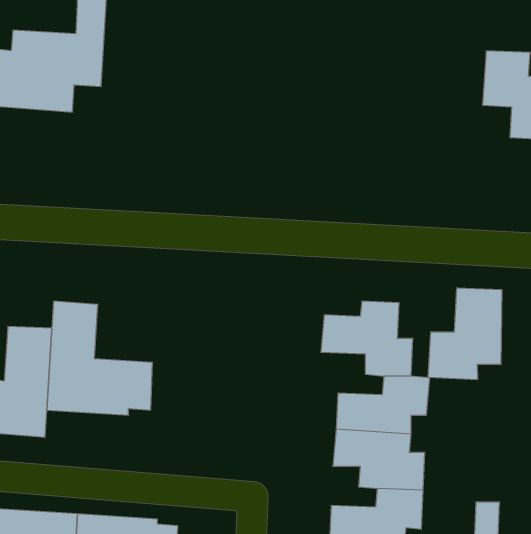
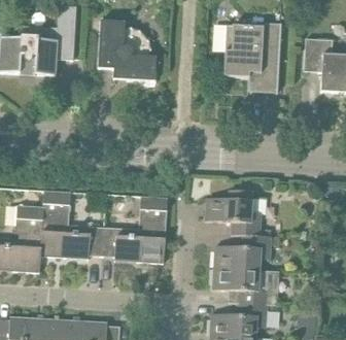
building: none -> [97,20,155,81]
building: none -> [222,25,280,89]
building: [428,288,502,380] -> none
building: none -> [102,196,167,263]

